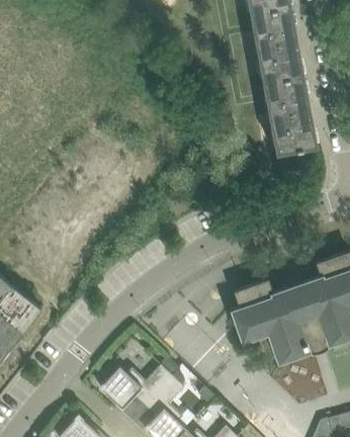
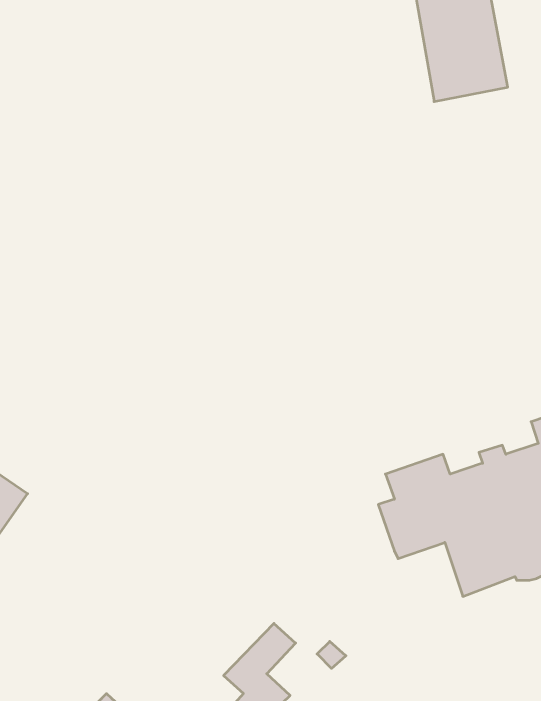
building: [263,76,318,154] -> none
building: [101,366,173,408] -> none

